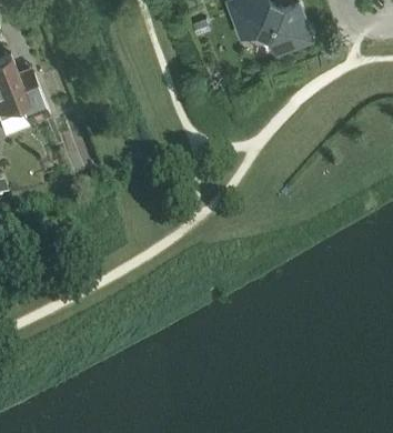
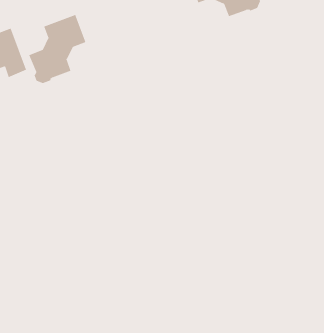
building: none -> [29,14,86,84]

